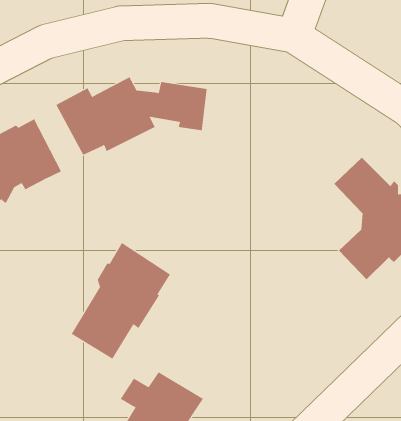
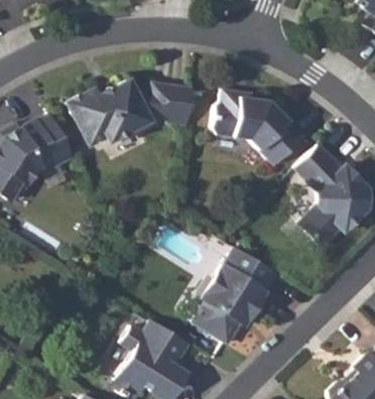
building: none -> [212,90,303,165]
building: [71,242,171,360] -> [194,247,275,343]

